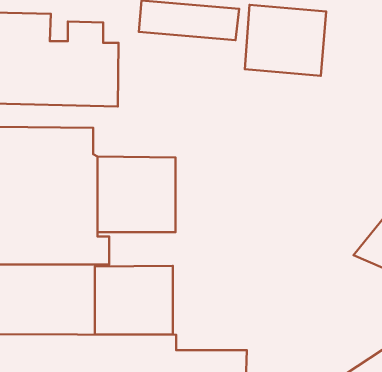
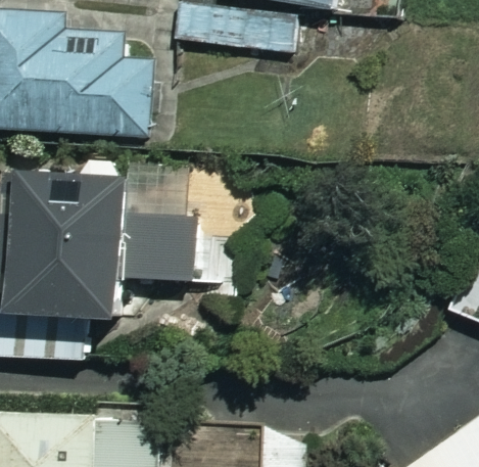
building: [245,5,326,76] -> none
building: [95,266,173,335] -> none

